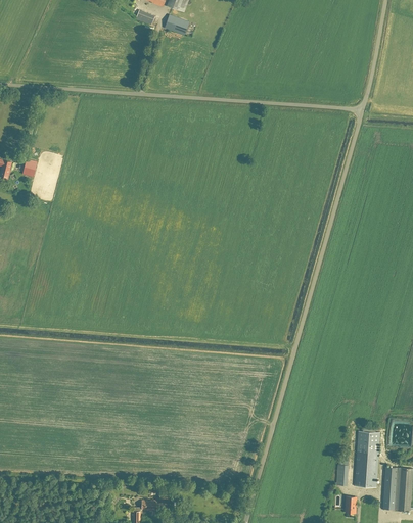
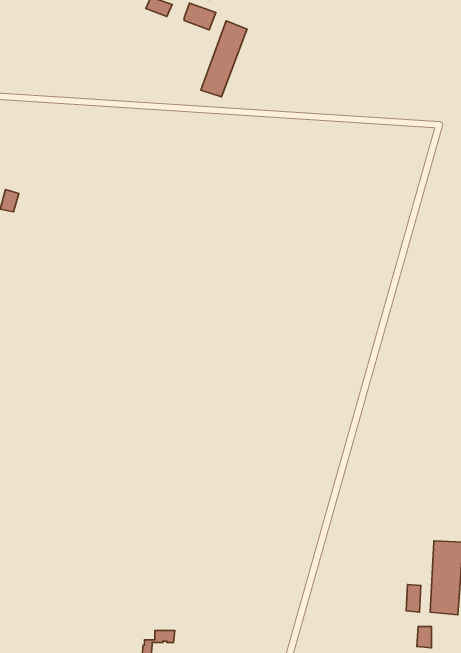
building: none -> [201,21,247,97]

